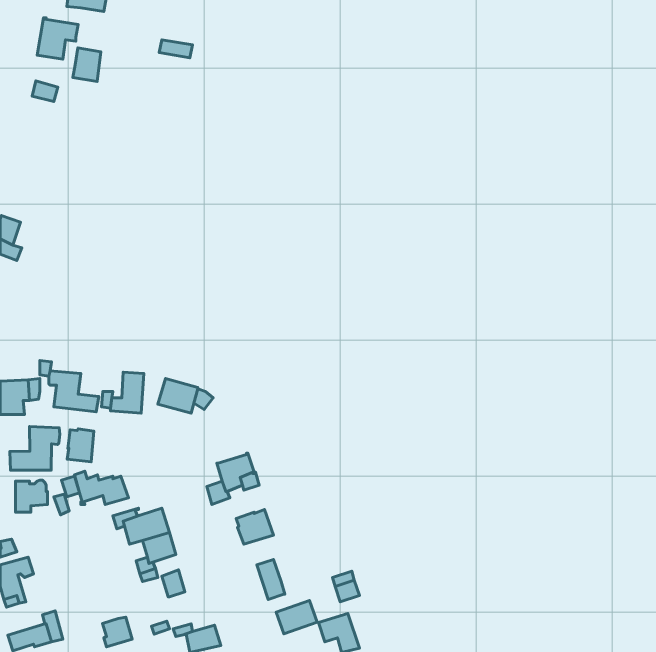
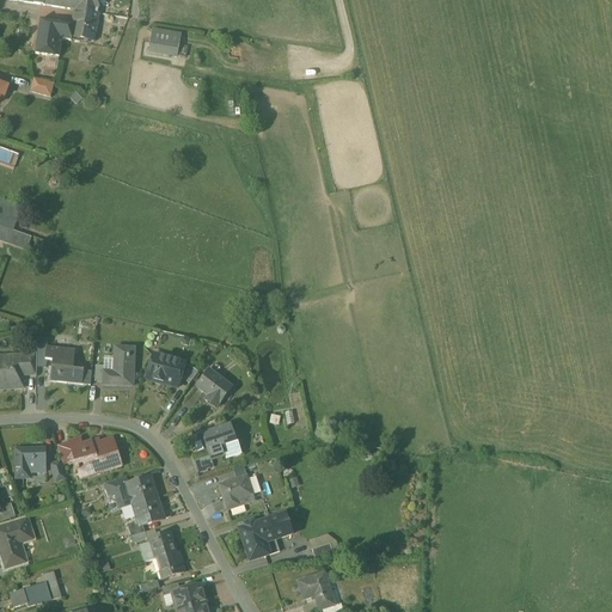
building: [73,48,101,81] -> [71,7,97,38]
building: none -> [196,369,232,406]
building: [10,426,60,470] -> none
building: [67,429,94,462] -> none
building: [276,600,317,634] -> [255,510,293,541]
building: [103,617,132,647] -> [158,550,185,577]

